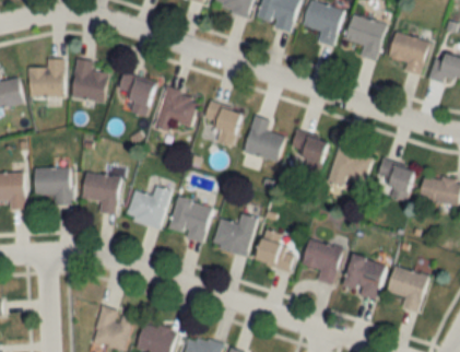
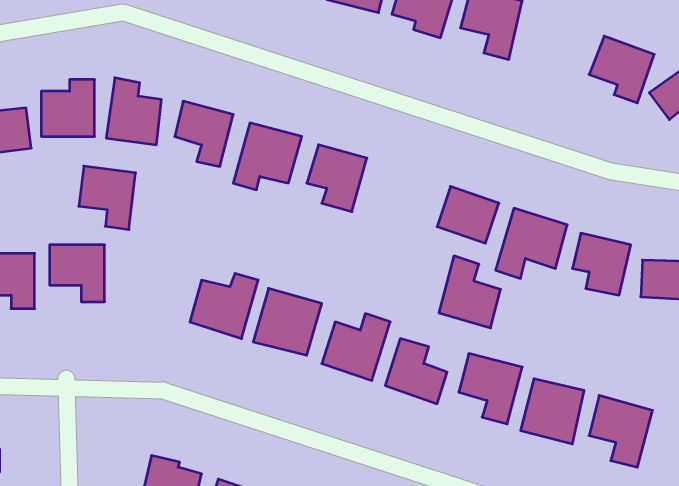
building: [344,12,387,59] -> none
building: [244,114,284,161] -> [439,256,501,328]
building: [82,172,119,213] -> [79,166,136,230]

